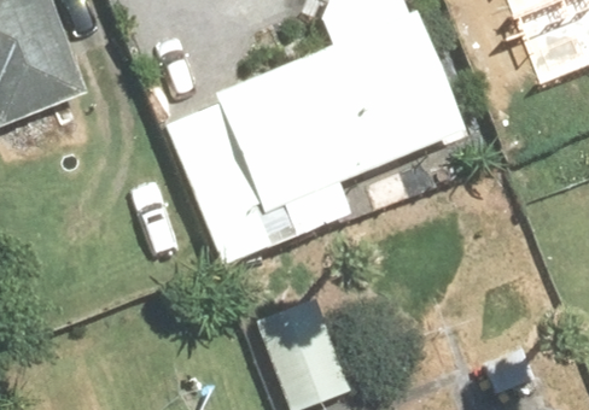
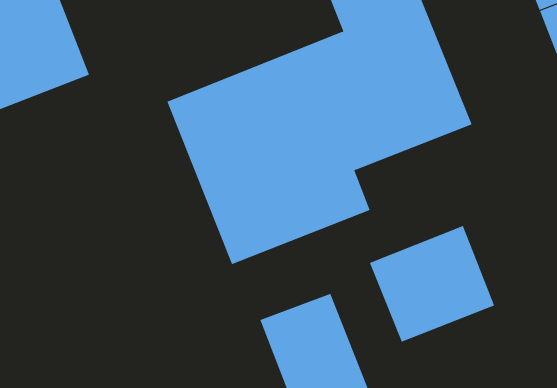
building: none -> [369,225,495,342]

